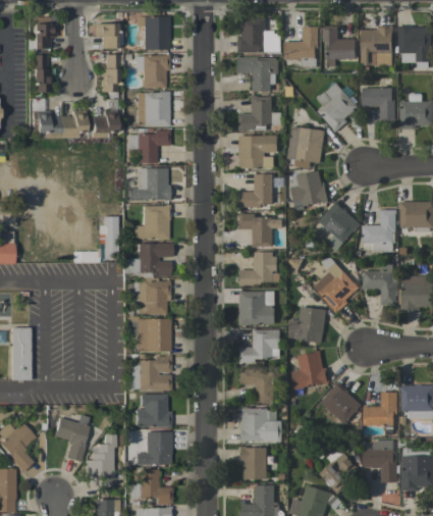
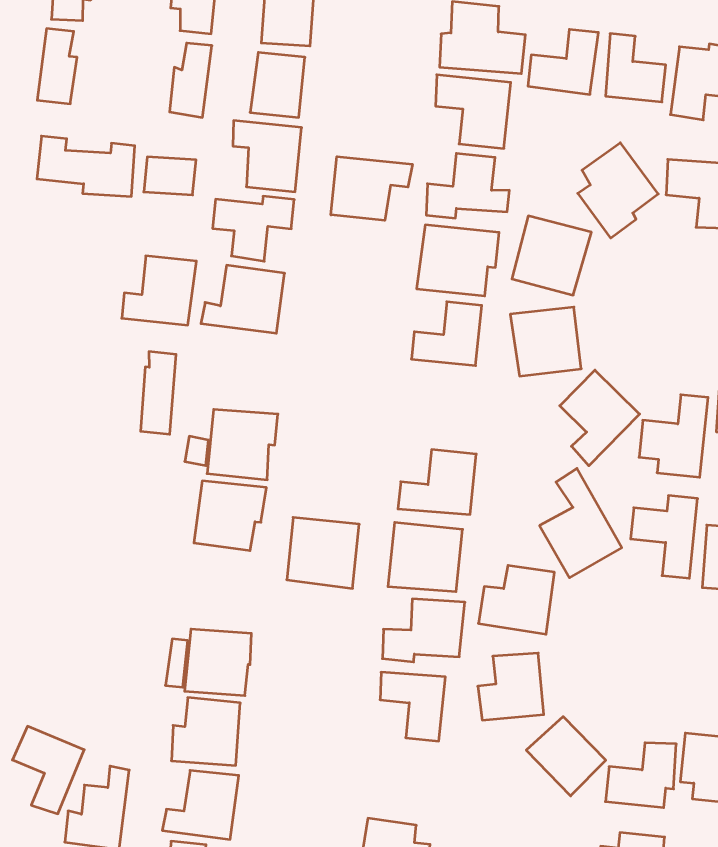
building: none -> [331,157,412,220]
building: [134,205,170,239] -> [122,256,196,325]
building: [239,213,282,248] -> none
building: [137,318,171,352] -> [287,517,359,588]
building: [241,408,282,442] -> none

